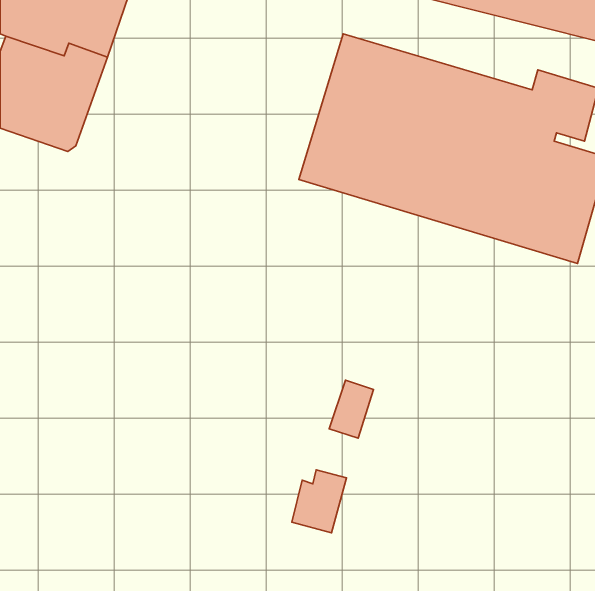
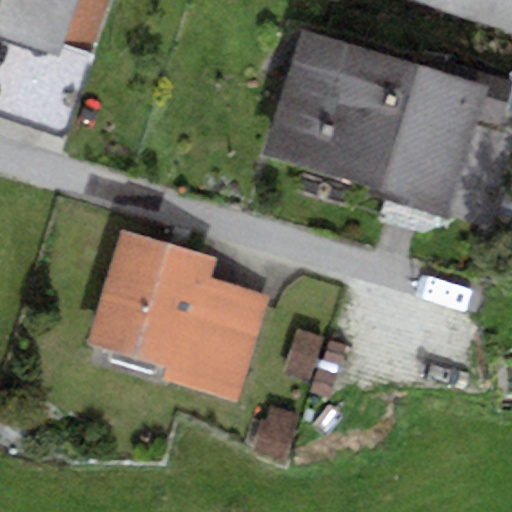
building: none -> [89,228,275,400]

